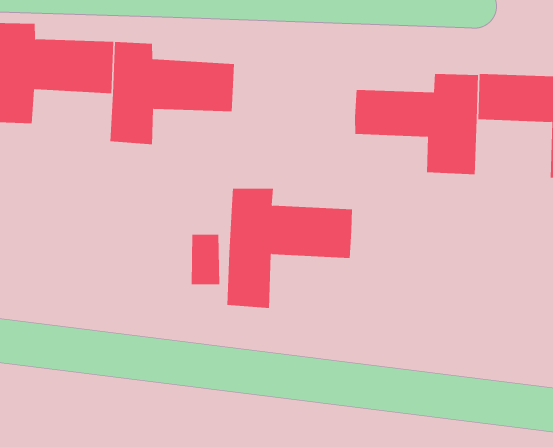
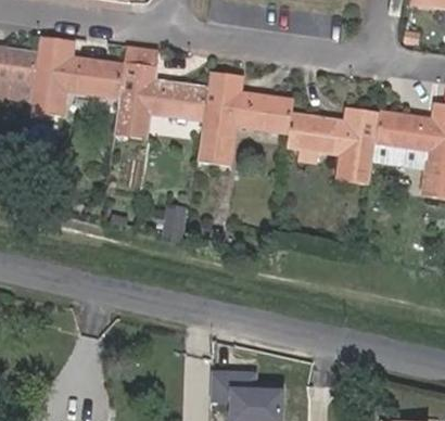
building: [226,188,353,308] -> [198,74,294,162]

